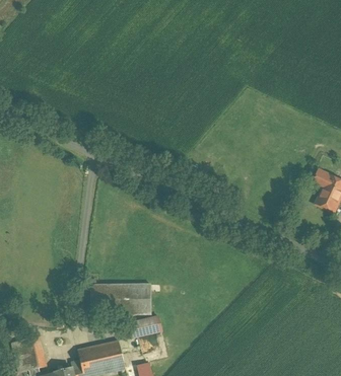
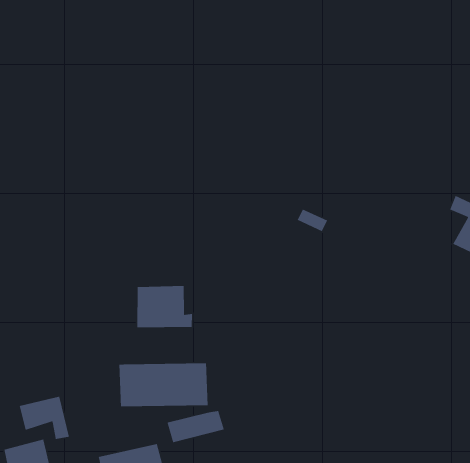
building: none -> [136,285,193,328]
building: none -> [19,396,70,440]

